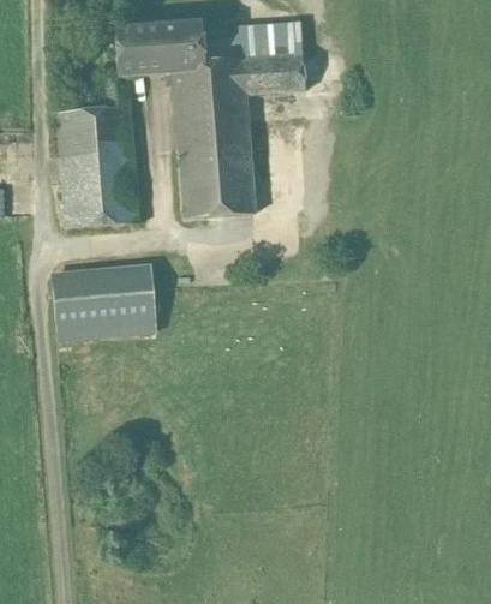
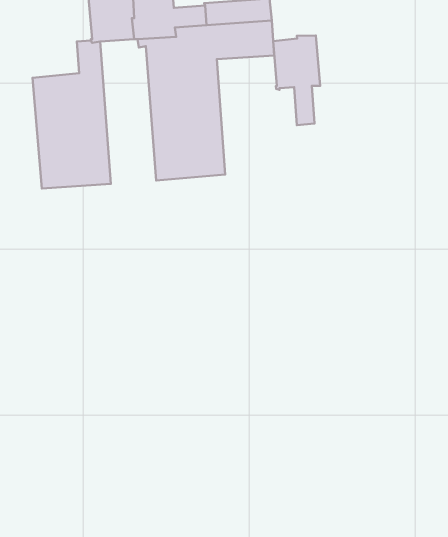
building: none -> [273,35,320,125]
building: [52,264,156,337] -> none

